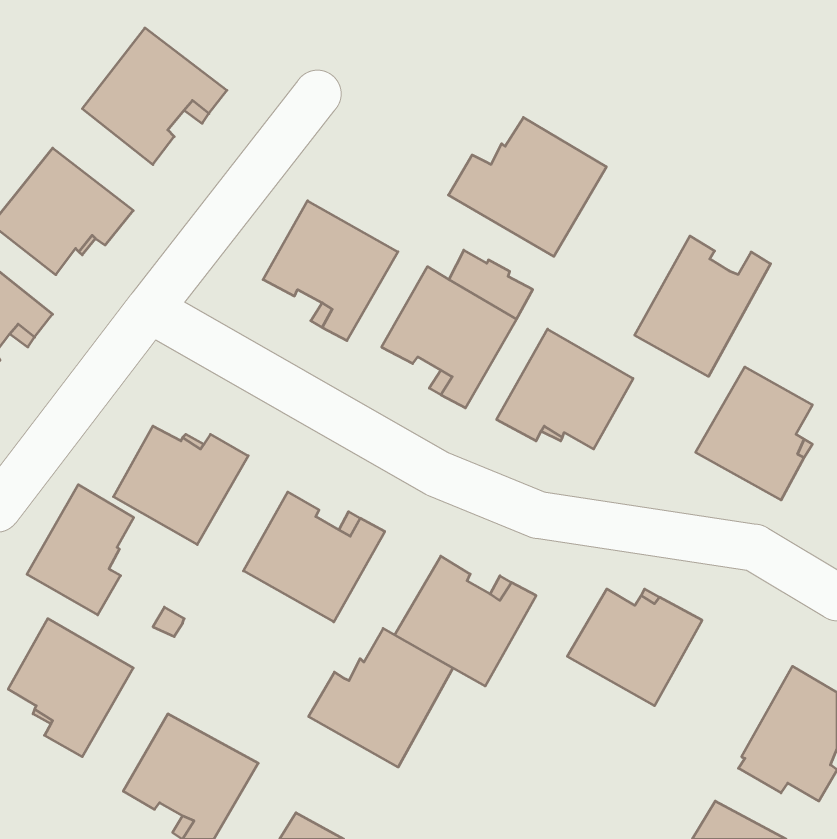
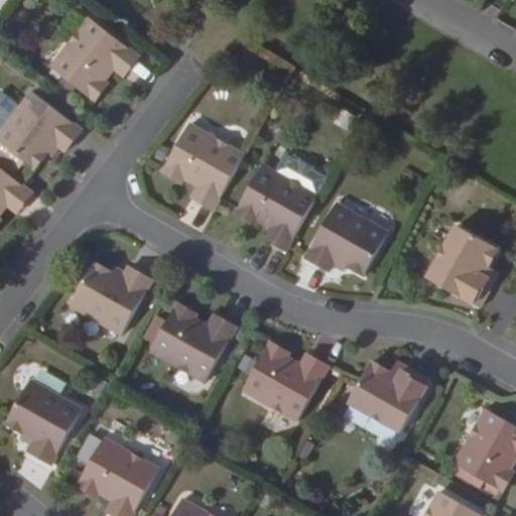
building: [448,117,606,256] -> none
building: [635,236,771,376] -> none
building: [27,485,134,615] -> none
building: [309,628,453,767] -> none

